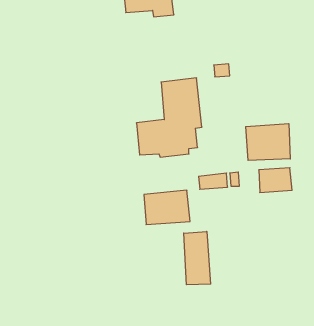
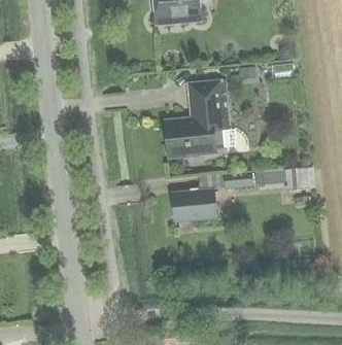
building: [246,124,290,160] -> none
building: [184,231,211,285] -> none

